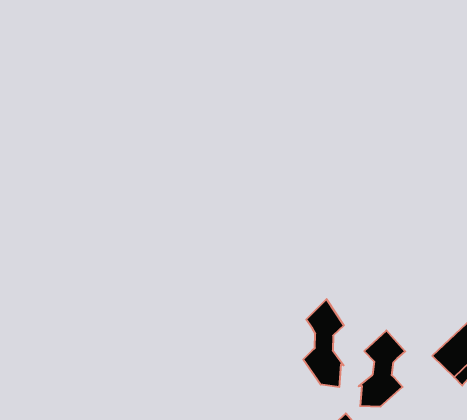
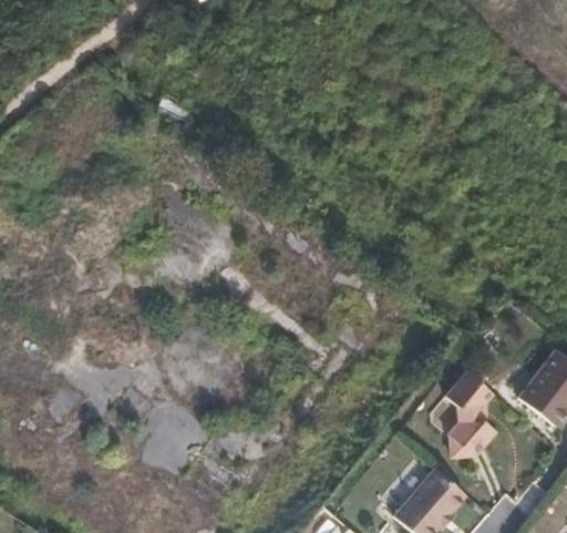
building: [303,299,344,387] -> none

